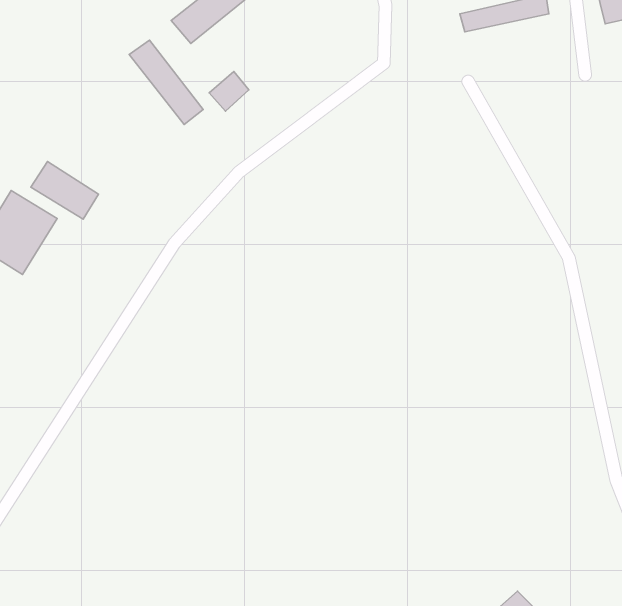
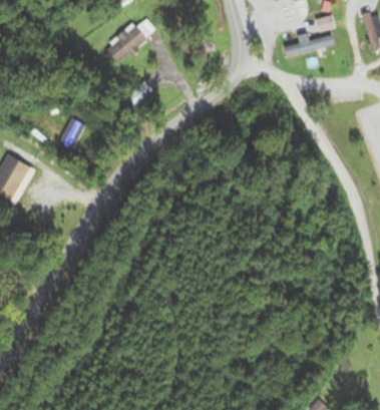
building: [129,40,203,125] -> none
building: [31,162,98,219] -> none

